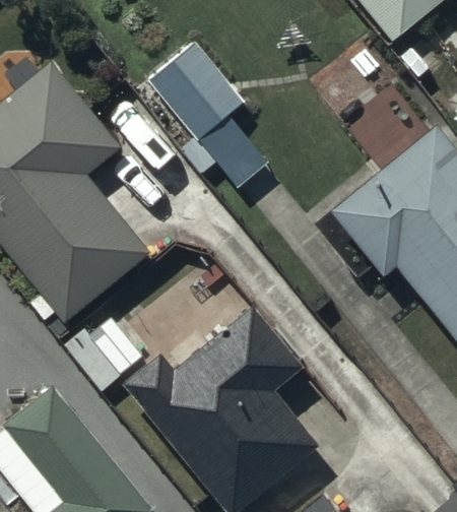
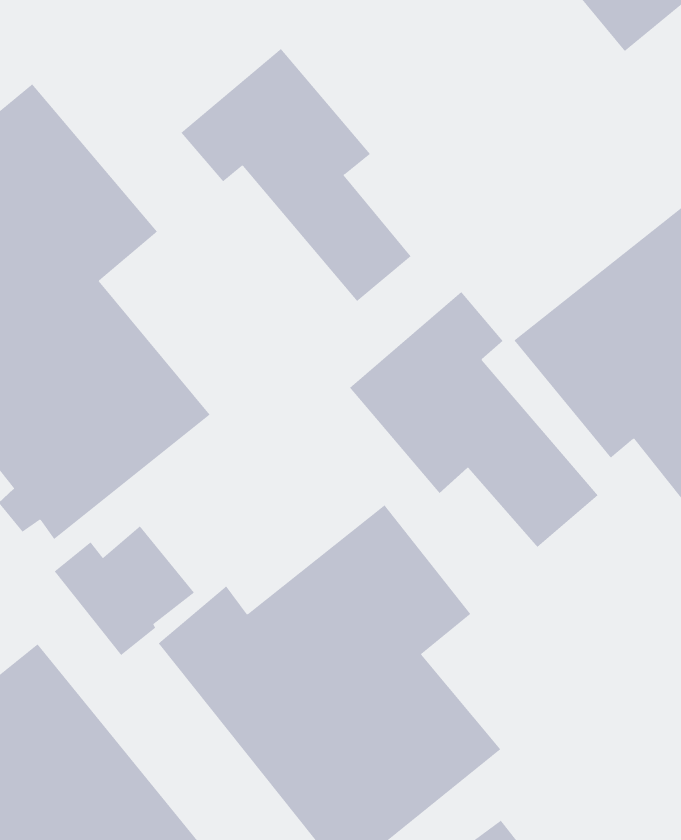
building: none -> [349,291,598,548]

